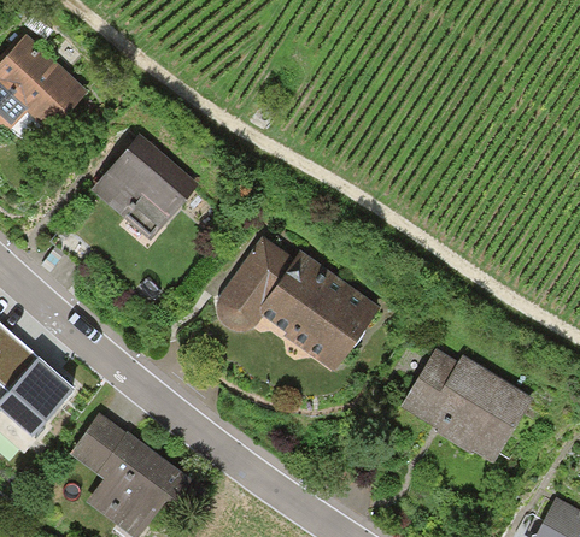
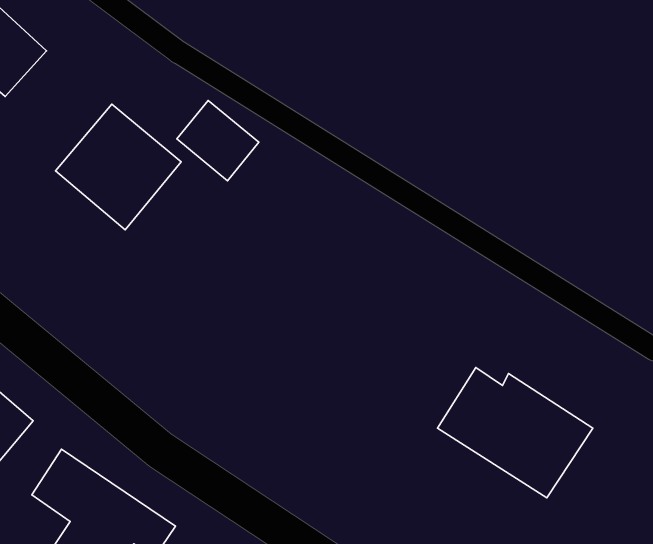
building: none -> [177,100,259,181]
building: [218,234,377,368] -> none

